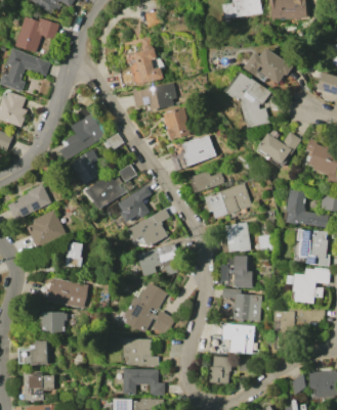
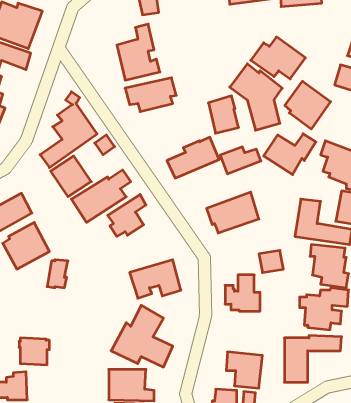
building: none -> [285,81,331,129]
building: [165,107,192,140] -> [208,96,239,133]
building: [188,171,224,194] -> [220,147,261,174]
building: [127,208,170,246] -> none
building: [220,222,250,254] -> none
building: [46,277,87,309] -> none
building: [221,288,261,321] -> none

